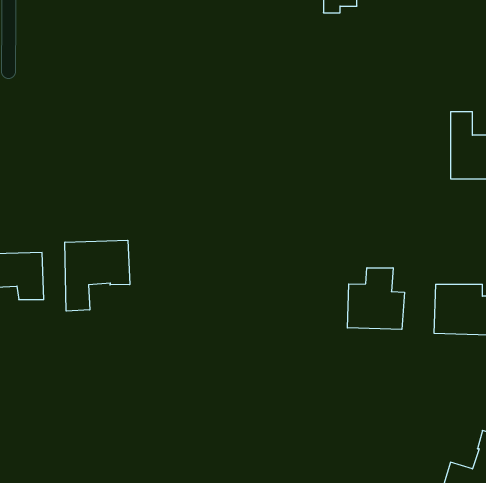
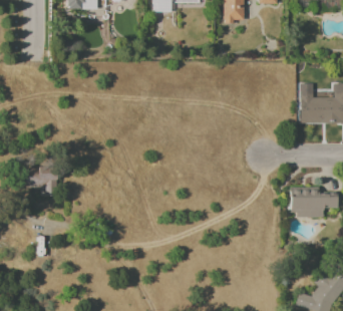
building: [65,240,130,311] -> none
building: [347,268,404,329] -> none

